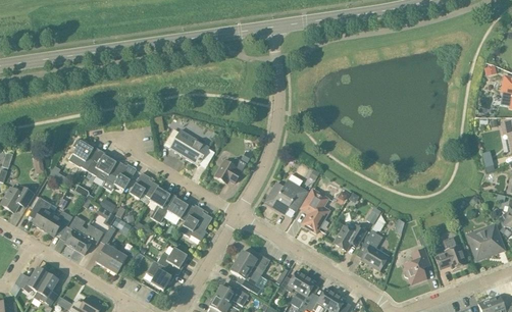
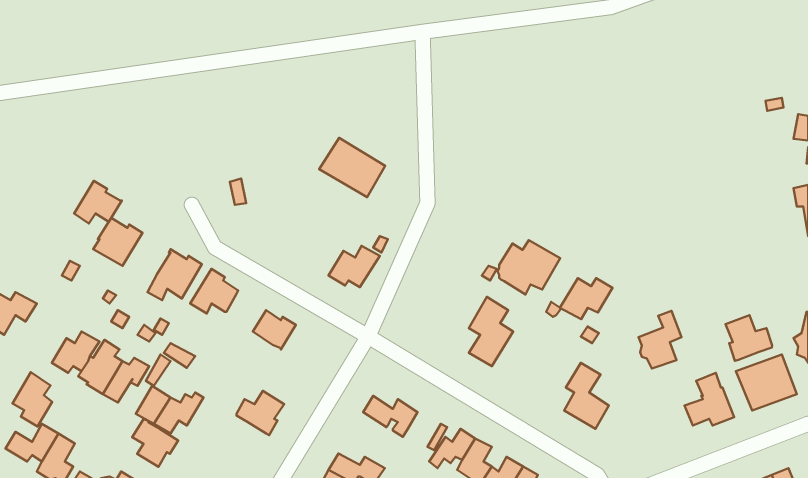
building: [168,128,209,165] -> [319,138,385,197]
building: [87,149,116,175] -> [74,181,122,224]
building: [267,179,306,213] -> [498,240,560,294]
building: [149,187,176,222] -> none
building: [28,196,52,229] -> [13,372,52,427]
building: none -> [725,315,772,361]
building: [180,204,212,241] -> none
building: [332,224,365,250] -> [560,278,613,319]
building: [403,248,429,283] -> [639,311,681,369]
building: [147,260,175,290] -> [132,419,178,467]
building: [229,260,261,294] -> none

